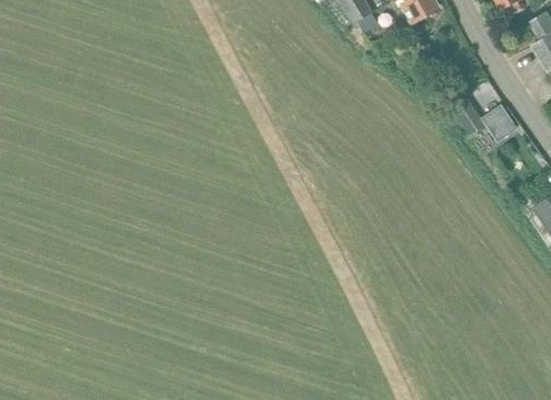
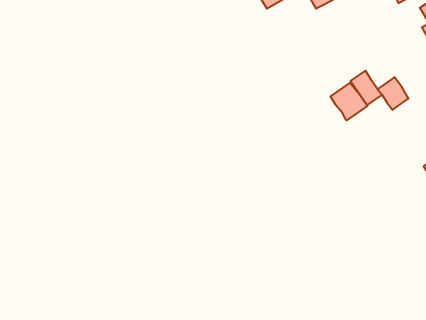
building: none -> [330,83,368,120]

